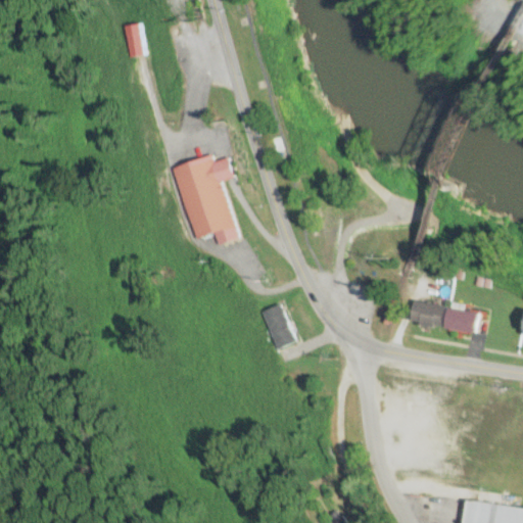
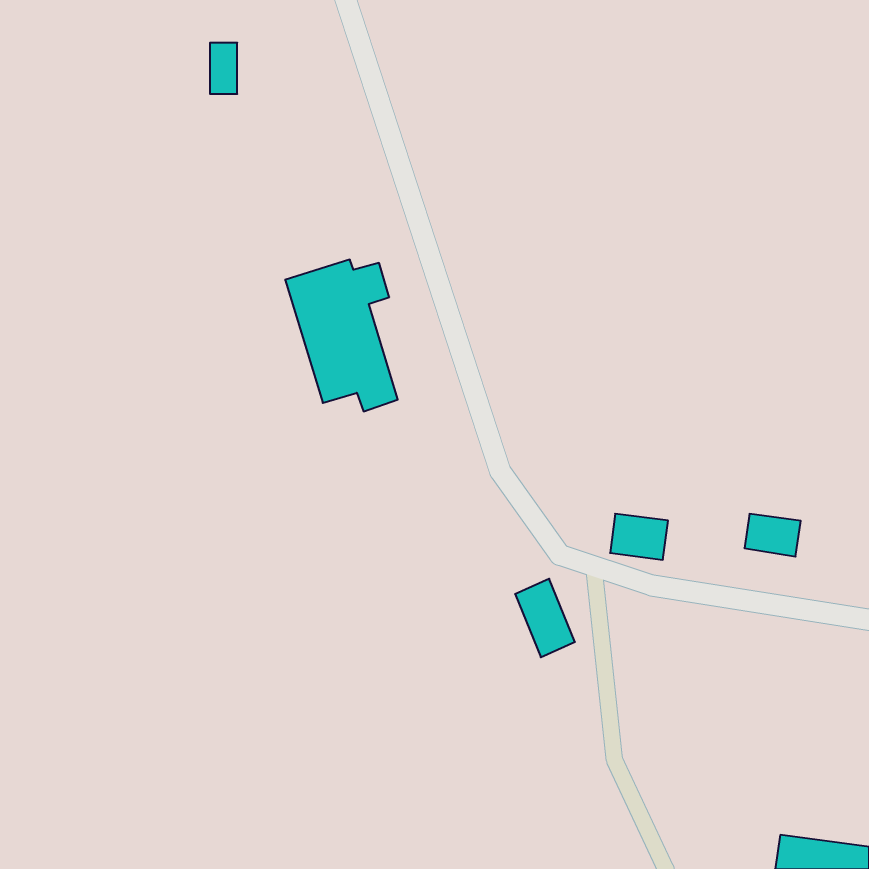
building: [410,300,444,328] -> [610,514,668,560]
building: [259,303,295,350] -> [515,579,575,657]

